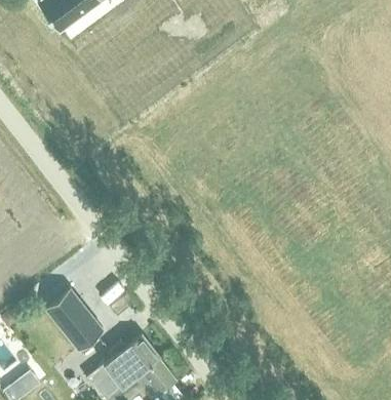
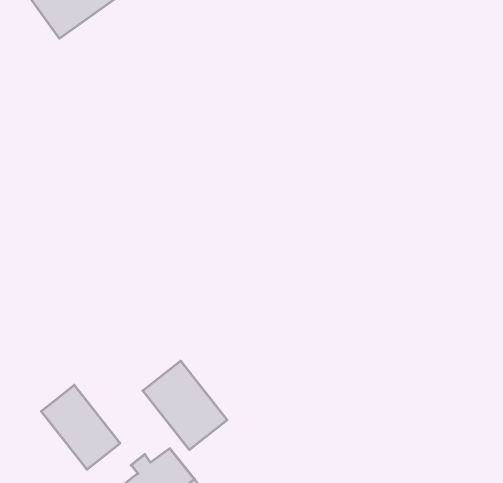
building: none -> [143,361,227,450]

